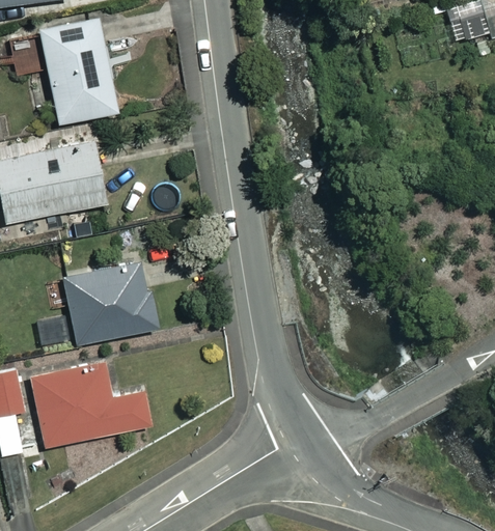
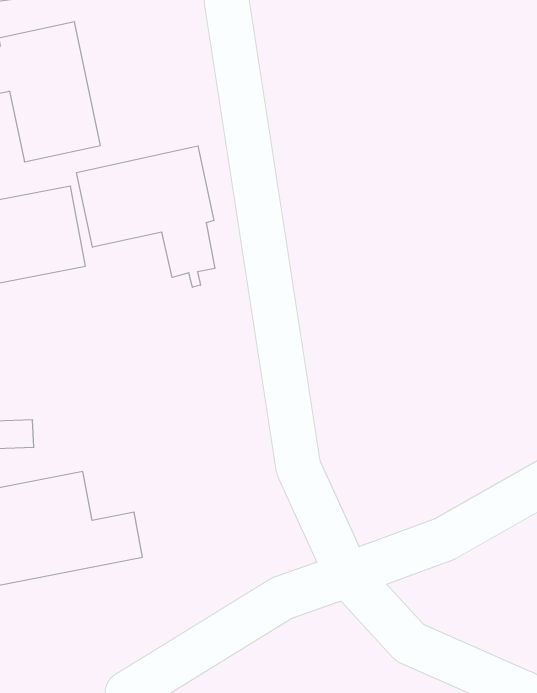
building: none -> [77,146,215,287]
building: [63,259,158,346] -> none

